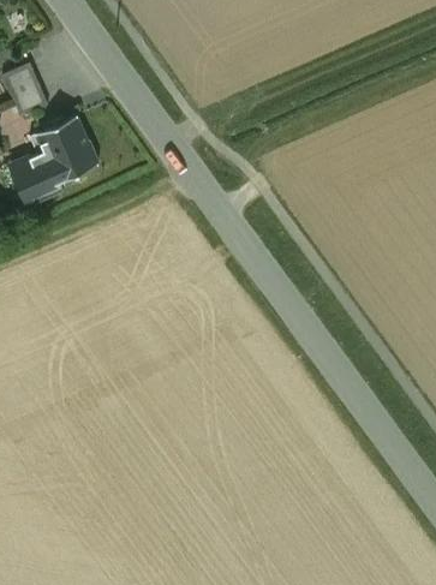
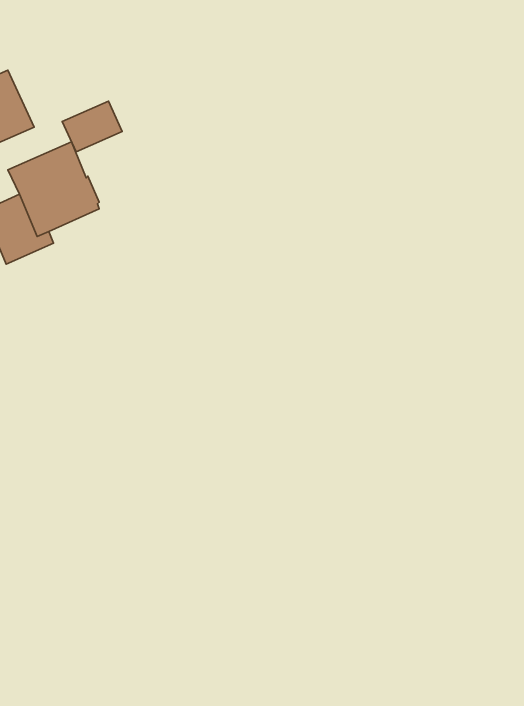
building: none -> [62,101,122,152]

